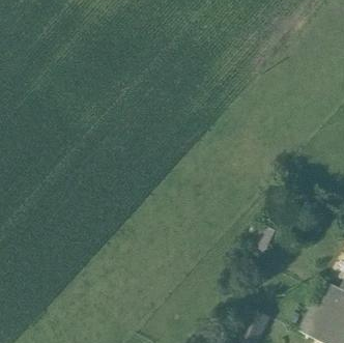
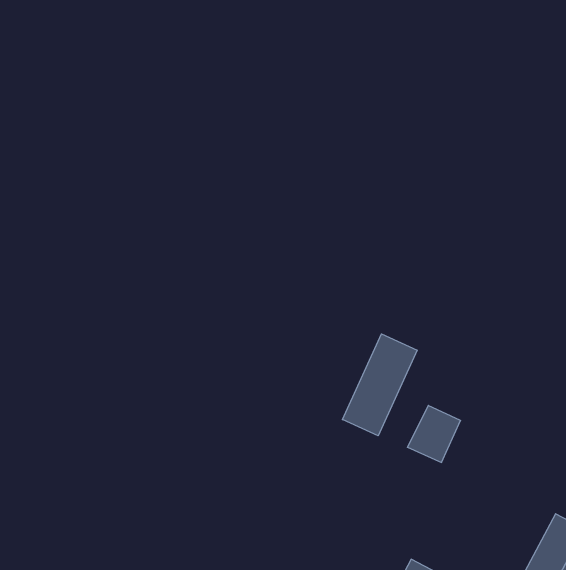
building: none -> [342,334,417,436]

